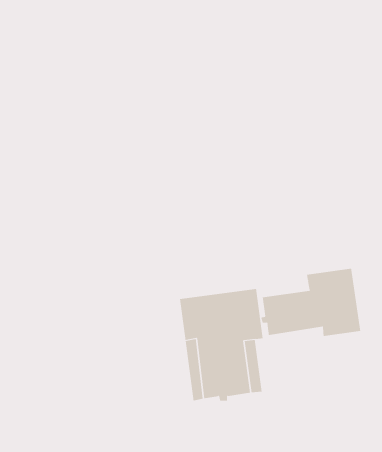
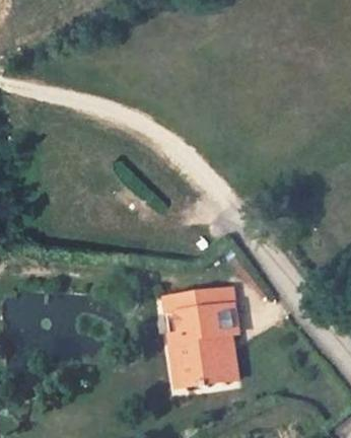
building: [261,268,361,337] -> none

